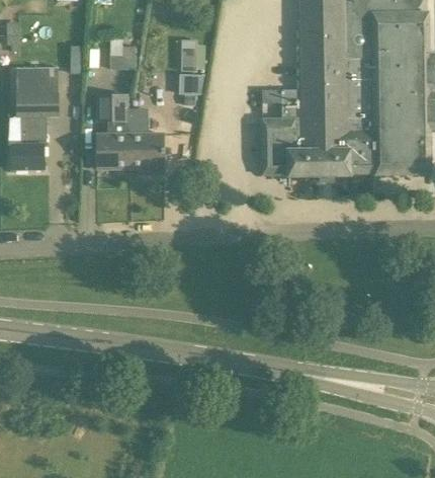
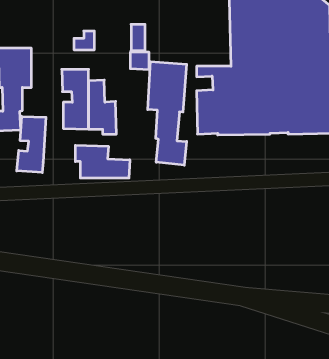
building: none -> [148,62,187,165]
building: none -> [17,116,46,173]
building: none -> [75,145,130,178]

